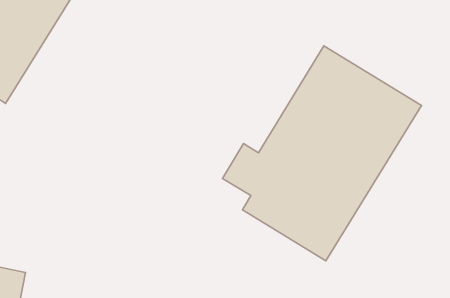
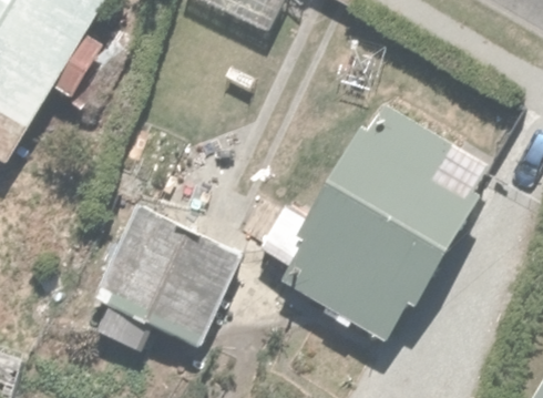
building: none -> [105,218,236,348]

